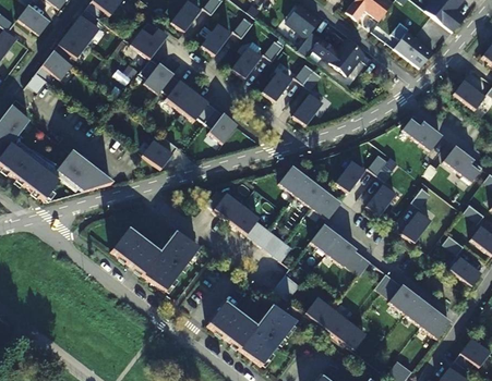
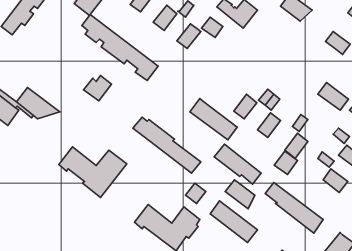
building: [292,93,323,125] -> none
building: [401,114,441,149] -> none
building: none -> [274,151,297,175]
building: none -> [225,180,255,209]

